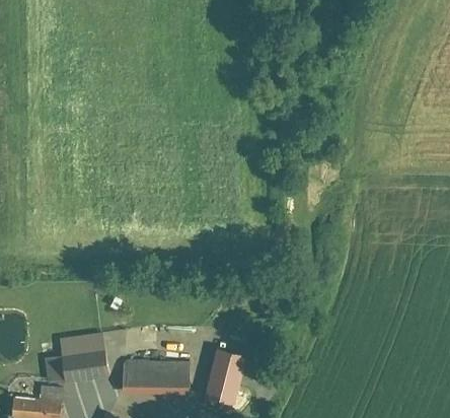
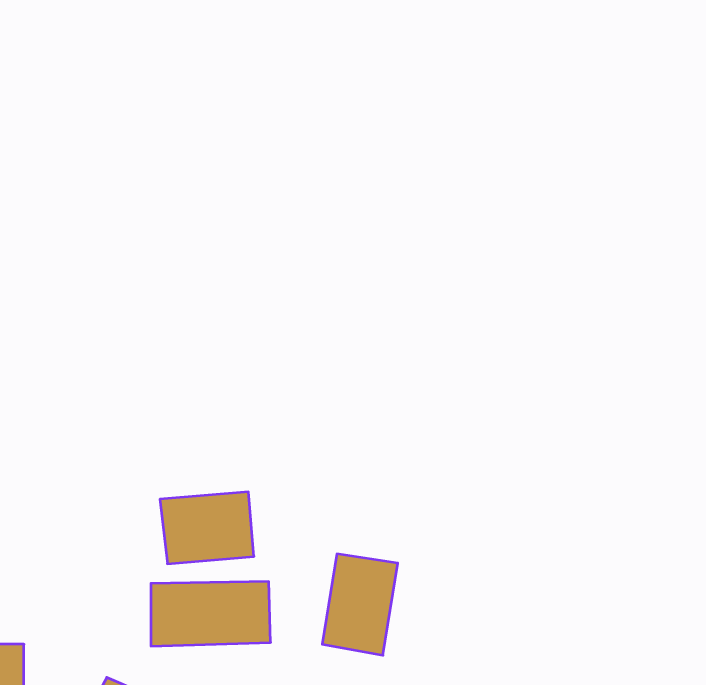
building: [51,344,102,384] -> [160,492,254,564]

